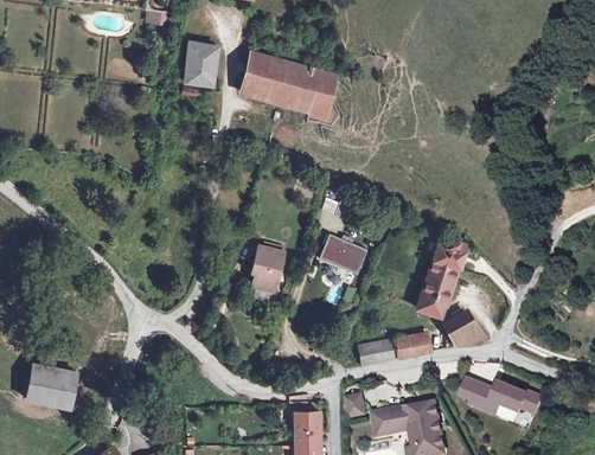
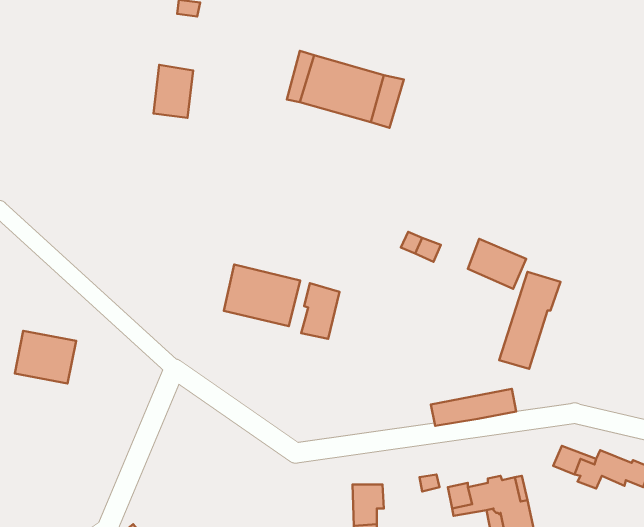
building: [184,40,217,84] -> [153,65,193,118]
building: none -> [224,264,300,326]
building: [319,232,367,274] -> [468,239,526,289]
building: [446,310,484,346] -> none
building: [26,363,77,406] -> [15,331,76,383]

